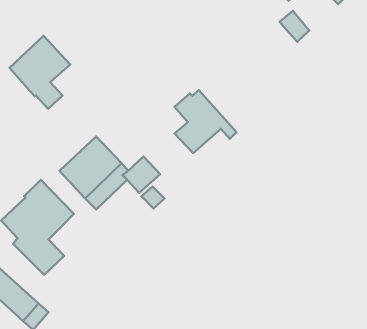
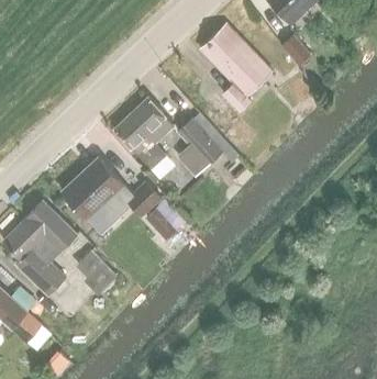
building: none -> [201,30,273,113]
building: [9,36,70,109] -> [114,98,175,170]
building: none -> [78,253,115,296]

